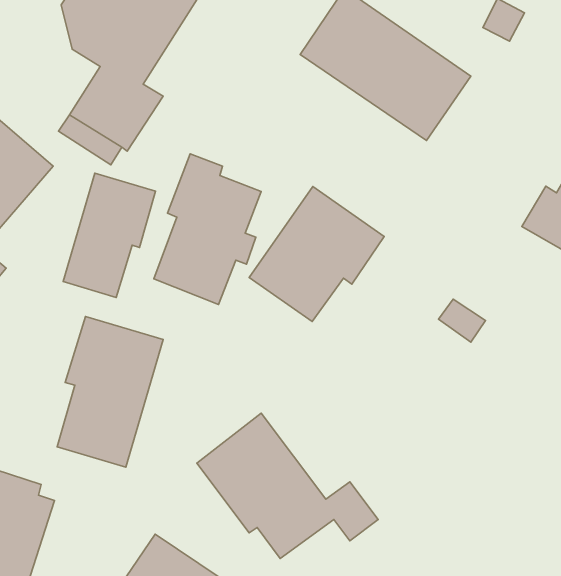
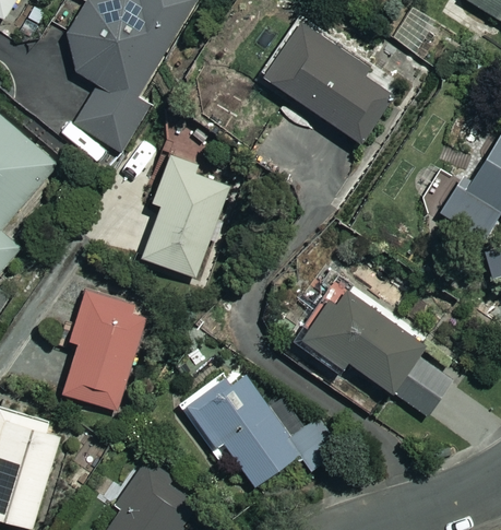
building: [63,173,155,297] -> none
building: [249,186,384,322] -> none
building: none -> [296,274,452,415]

